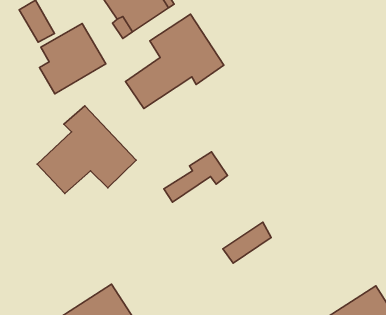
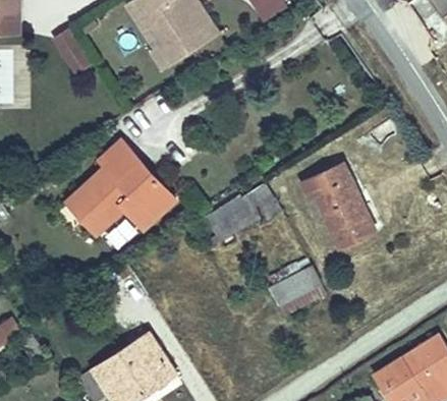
building: [126,14,224,109] -> none
building: [39,23,106,94] -> none
building: none -> [304,176,370,244]

